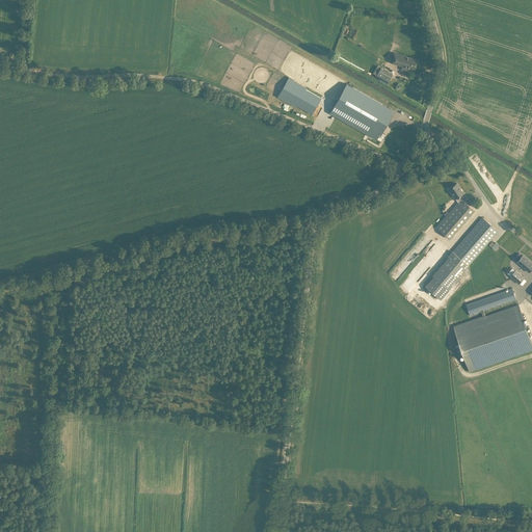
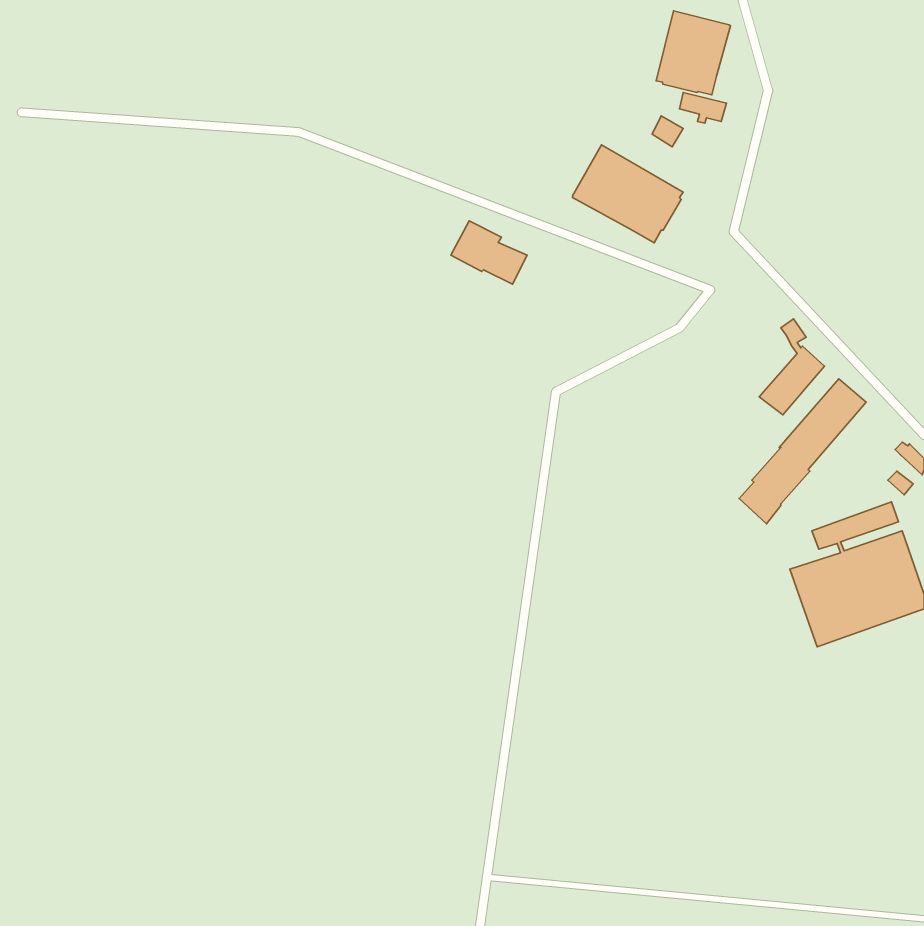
building: none -> [656,11,730,95]
building: [276,77,320,113] -> [451,221,527,284]

